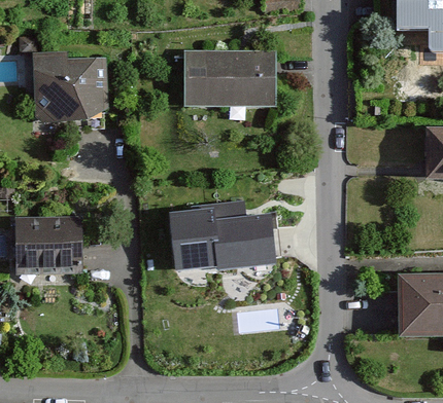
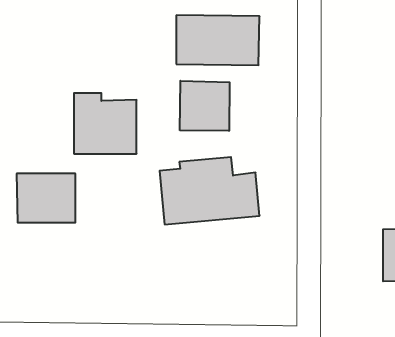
building: [35,51,101,115] -> [74,93,137,154]
building: none -> [180,81,230,131]

